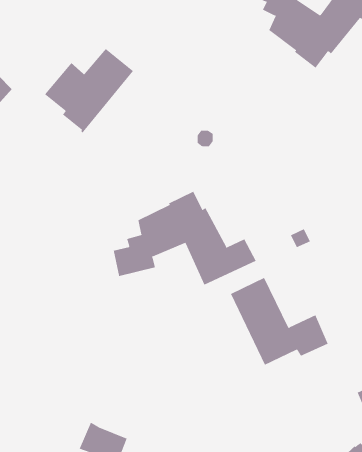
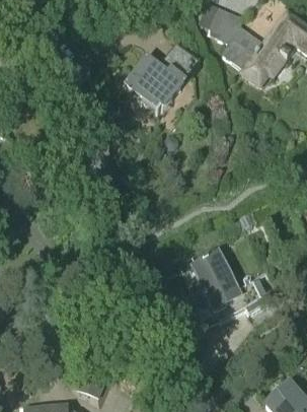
building: [44,48,134,134] -> [126,44,197,112]
building: [113,191,256,286] -> none

